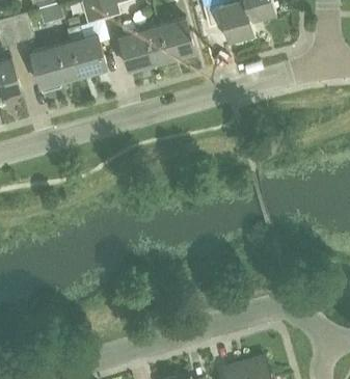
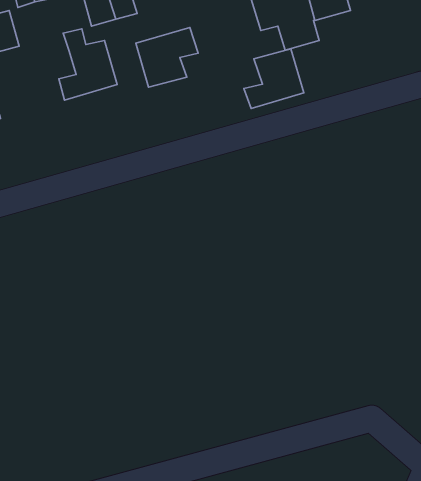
building: [152,19,195,62] -> [244,49,304,108]
building: [32,30,76,86] -> none

